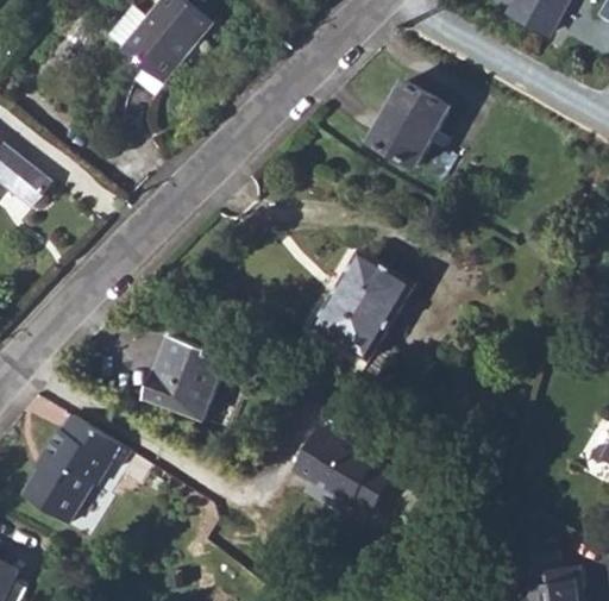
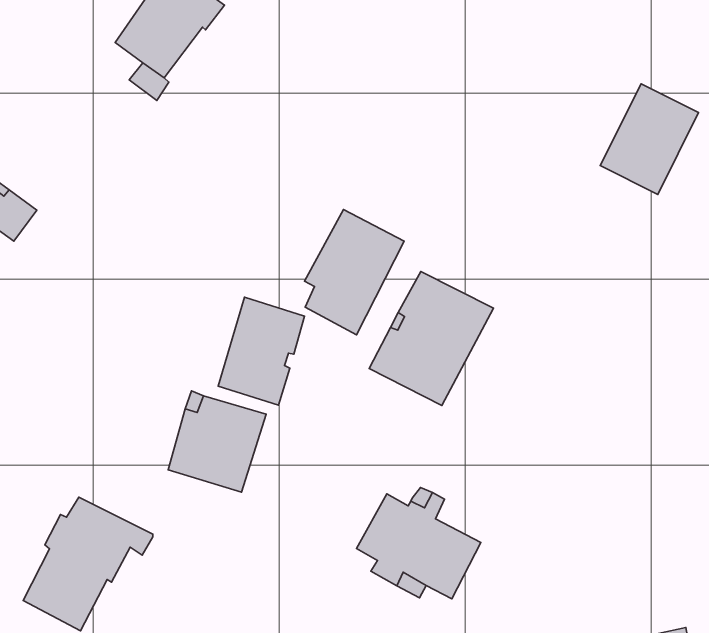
building: [369,80,451,170] -> [600,84,699,194]
building: none -> [305,209,404,335]
building: none -> [218,297,305,405]

